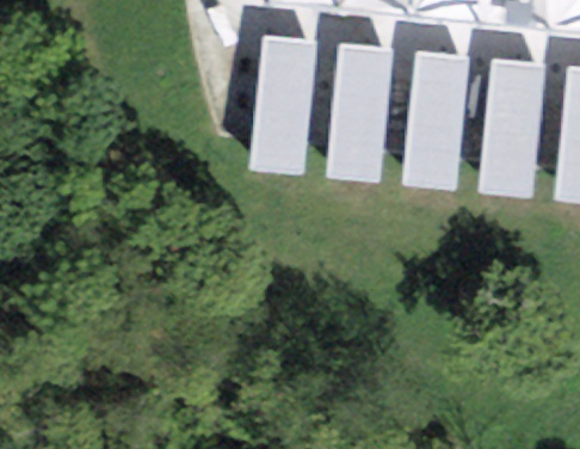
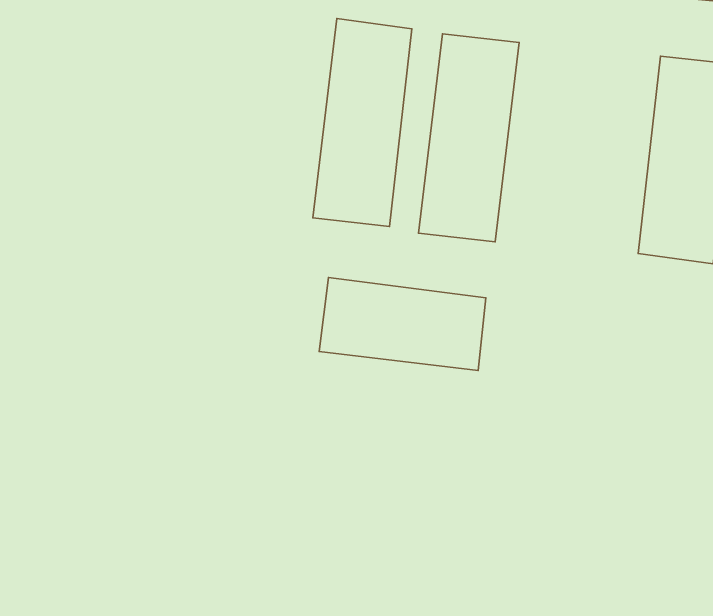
building: [401,44,470,190] -> none
building: none -> [319,277,486,370]

